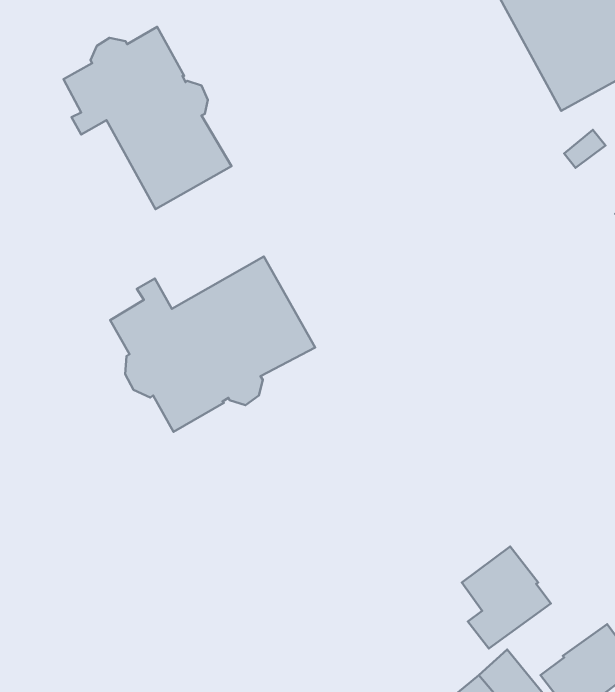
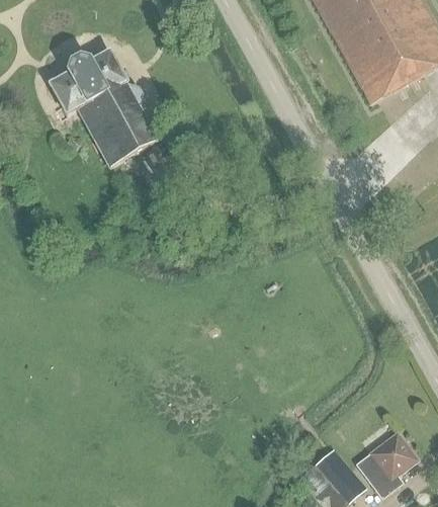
building: [110,256,315,432] -> none
building: [462,547,551,648] -> none

